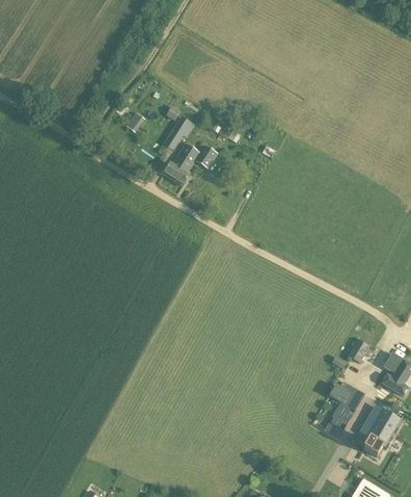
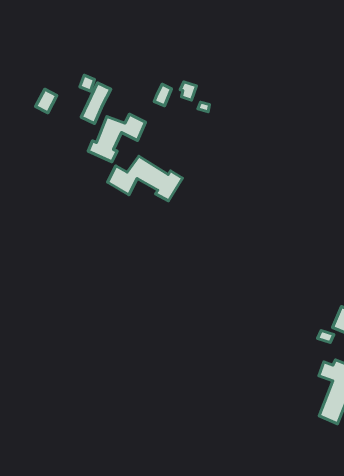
building: none -> [107,156,182,201]

